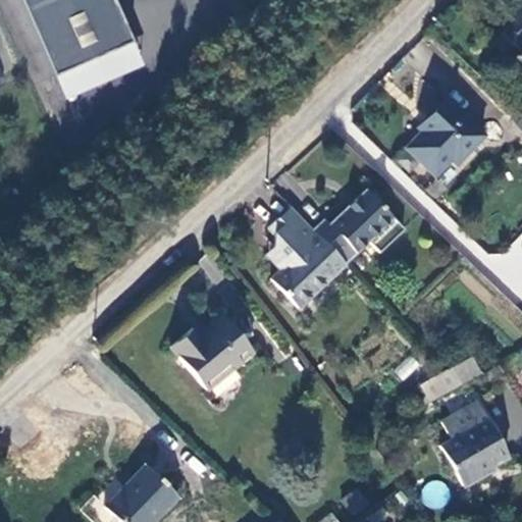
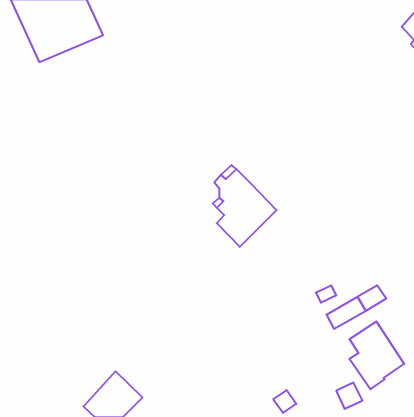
building: [54,45,142,101] -> none
building: [409,98,487,174] -> none
building: [318,189,398,262] -> none
building: [173,314,256,390] -> none

